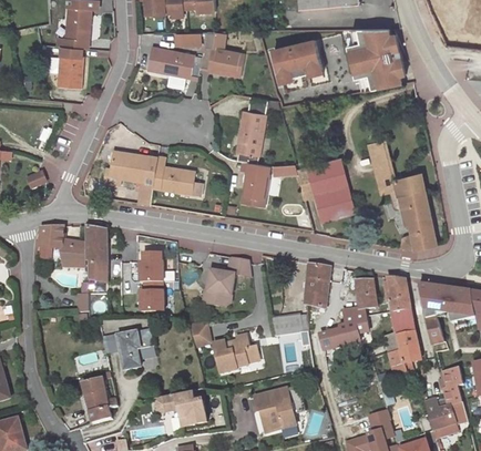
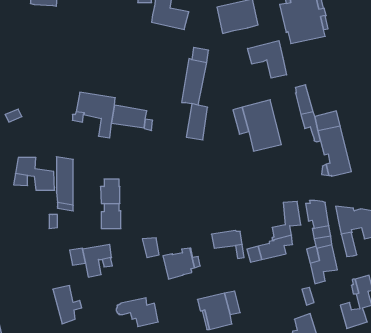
building: [49,45,82,88] -> none
building: [146,48,201,76] -> none
building: none -> [248,41,287,78]
building: [205,256,250,306] -> none
building: [307,264,329,308] -> none

